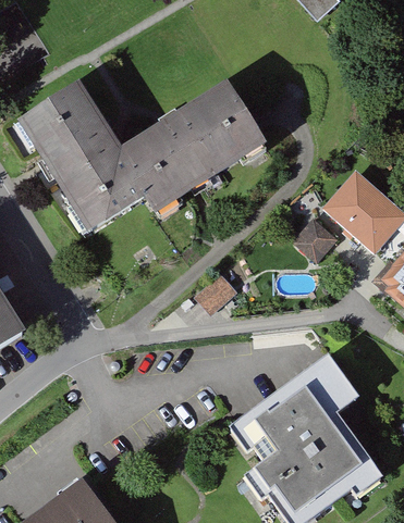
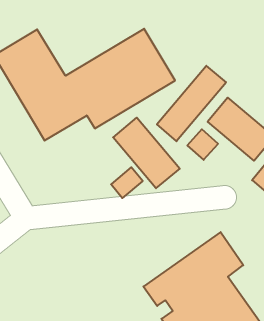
building: none -> [157,66,226,141]
building: none -> [113,118,180,188]

